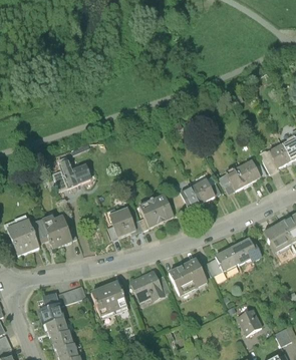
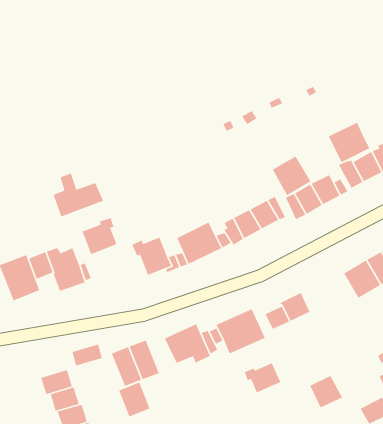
building: none -> [328,121,371,163]
building: none -> [272,156,312,196]
building: none -> [81,217,118,255]
building: [232,238,262,262] -> none
building: none -> [244,362,281,393]
building: none -> [118,382,151,418]

